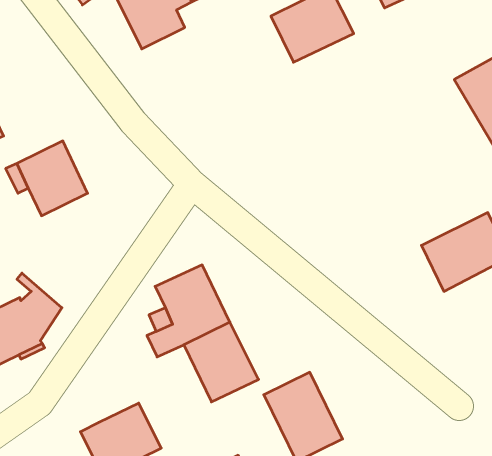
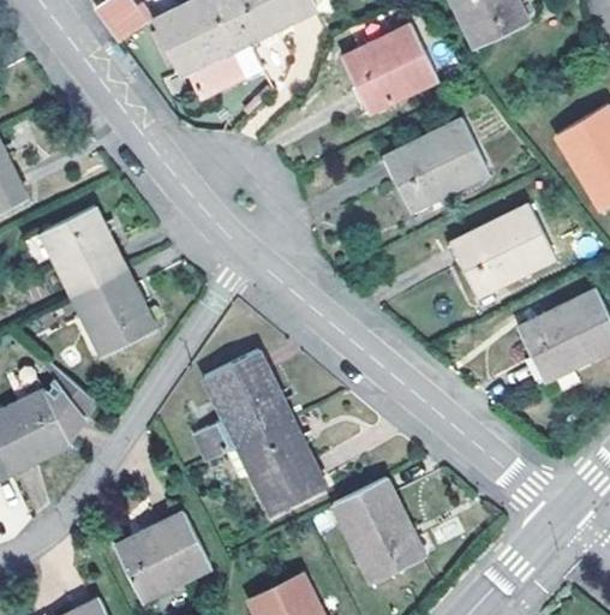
building: none -> [382,118,488,210]
building: none -> [449,204,555,295]
building: none -> [71,265,155,353]

